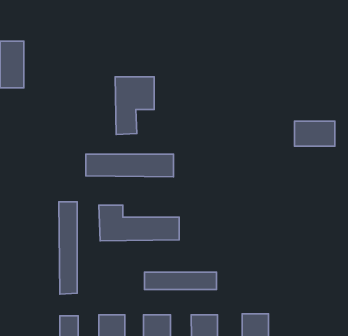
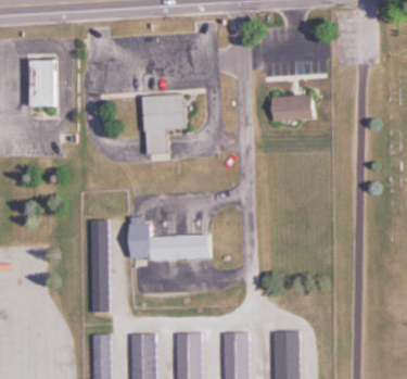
building: [295,121,335,146] -> [274,96,314,121]
building: [86,154,173,177] -> none
building: [144,272,217,290] -> none

